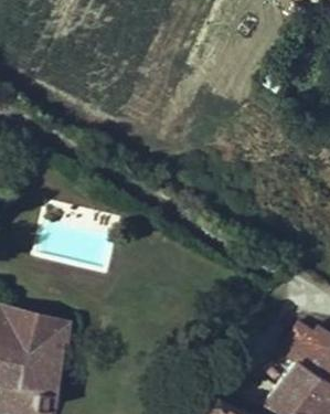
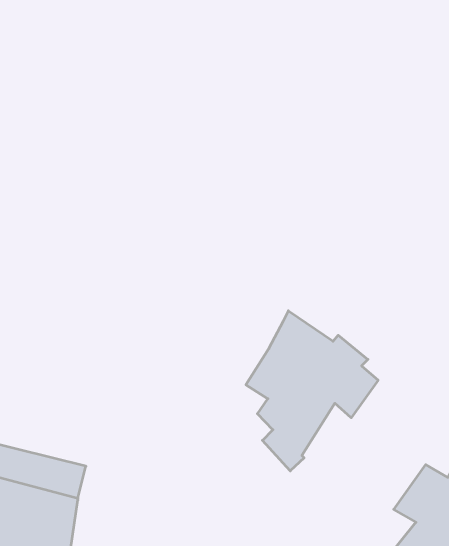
building: none -> [246,311,378,471]

